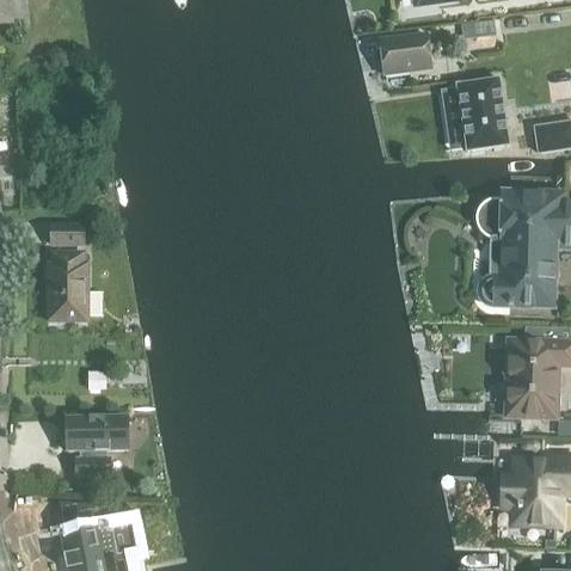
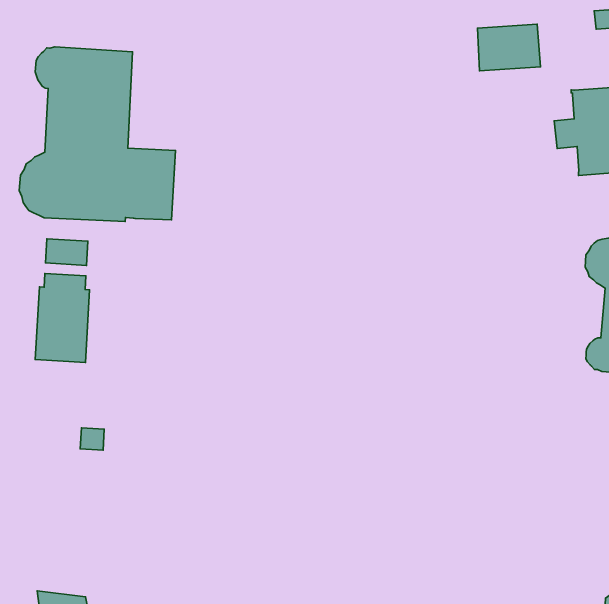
building: none -> [19,47,176,221]
building: [67,416,127,475] -> none

